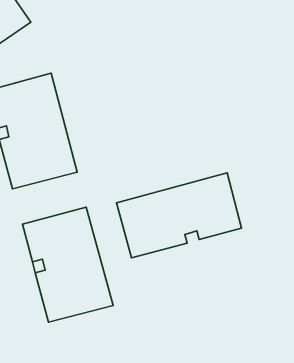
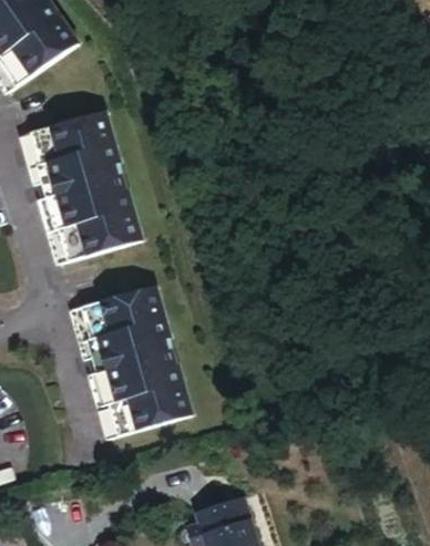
building: [116,173,242,258] -> none

